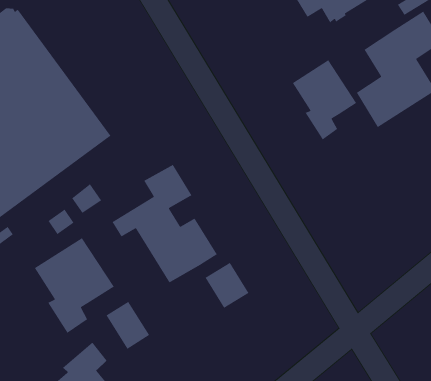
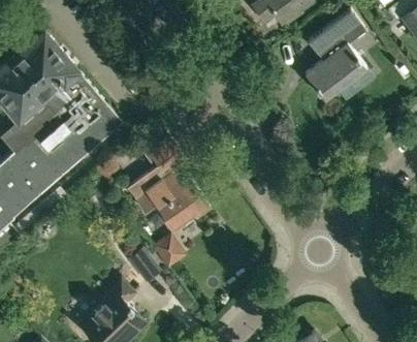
building: [292,59,357,140] -> none
building: [34,237,115,334] -> none
building: [204,262,250,309] -> [153,232,188,269]

